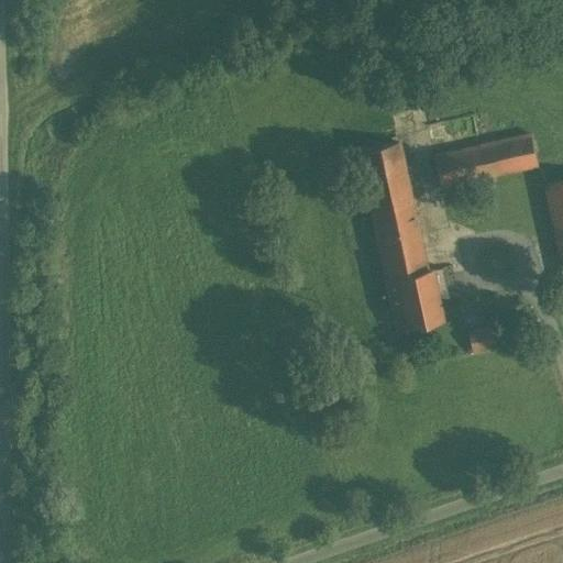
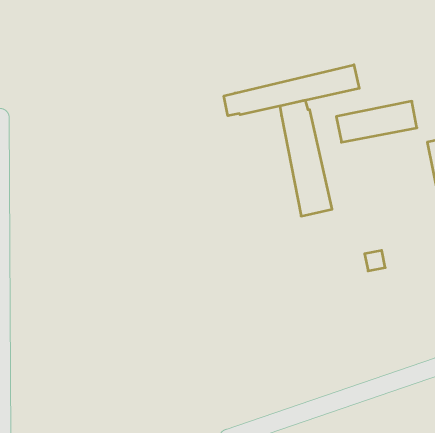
building: none -> [224,65,359,116]
building: [390,274,445,333] -> none

